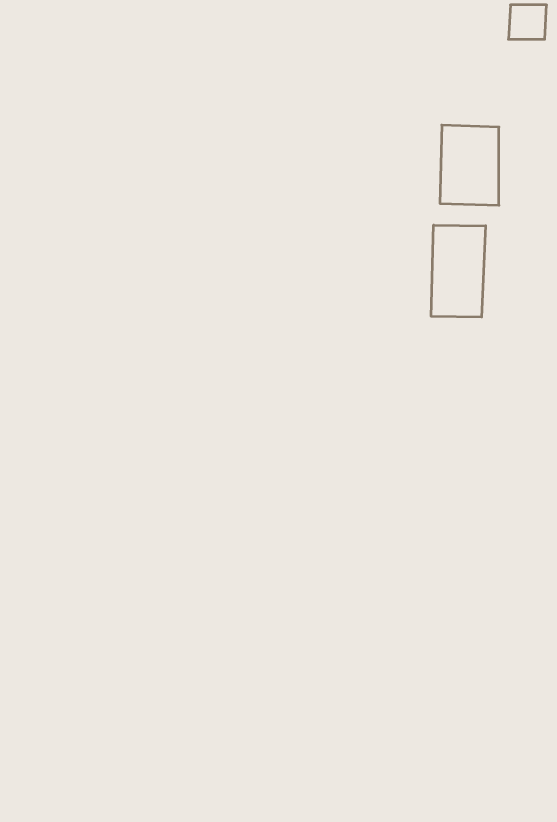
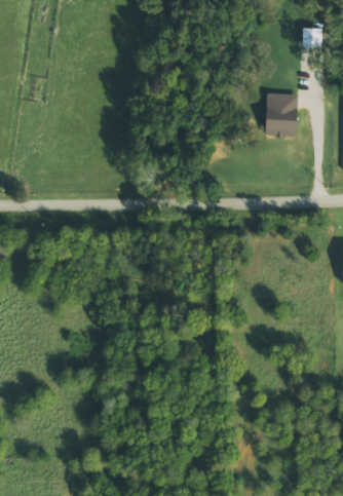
building: [431,225,486,317] -> none

